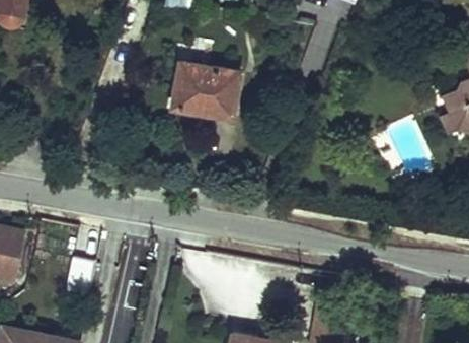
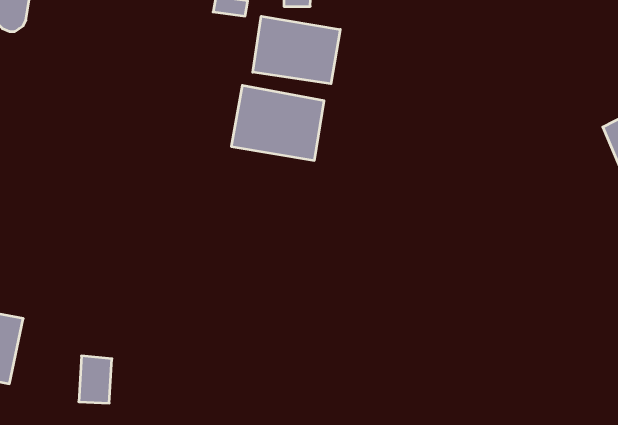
building: none -> [253,16,340,84]

